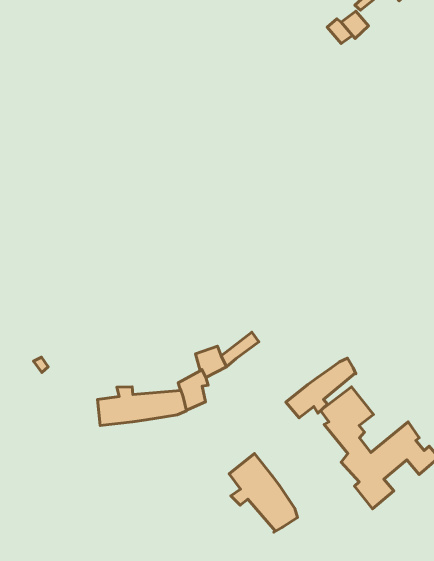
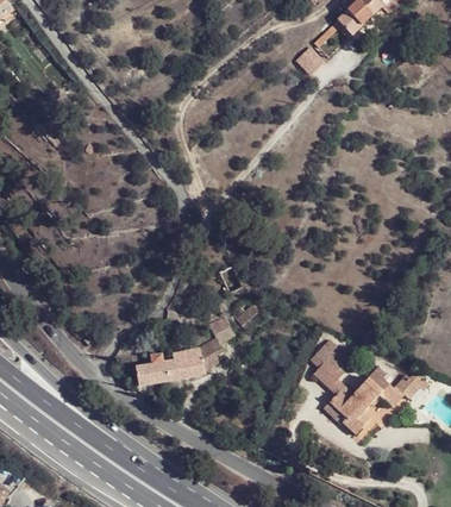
building: [286,358,356,418] -> none
building: [229,453,298,532] -> none

